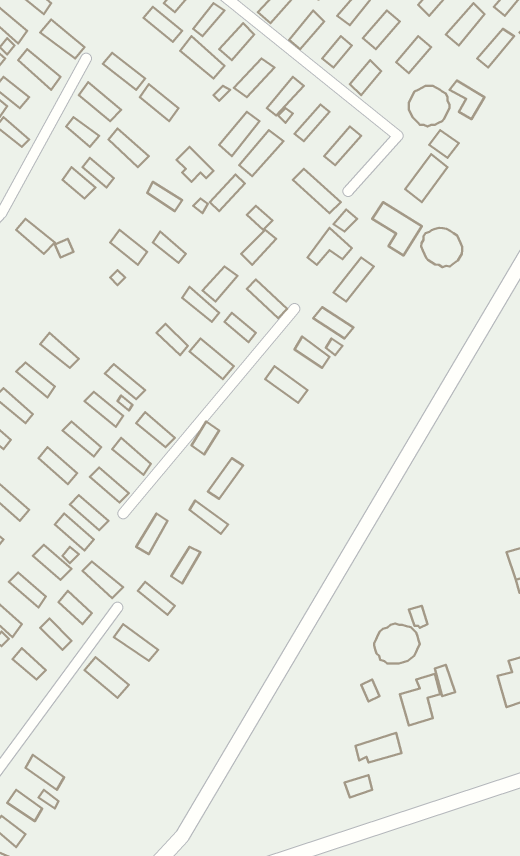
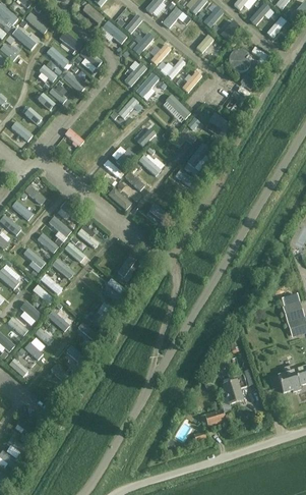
building: [421,228,462,267] -> none
building: [374,624,420,664] -> none

